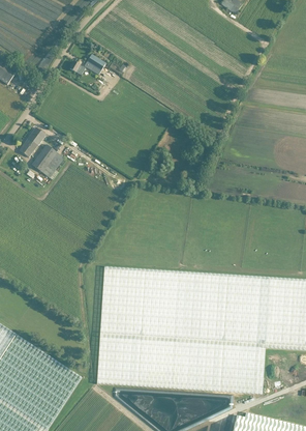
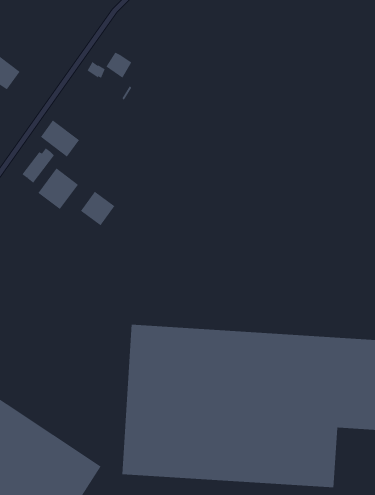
building: none -> [40,119,80,158]
building: none -> [80,191,115,226]

